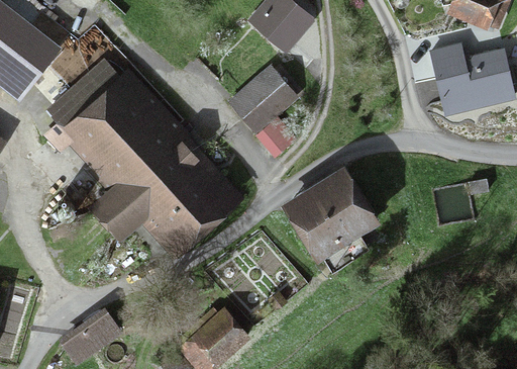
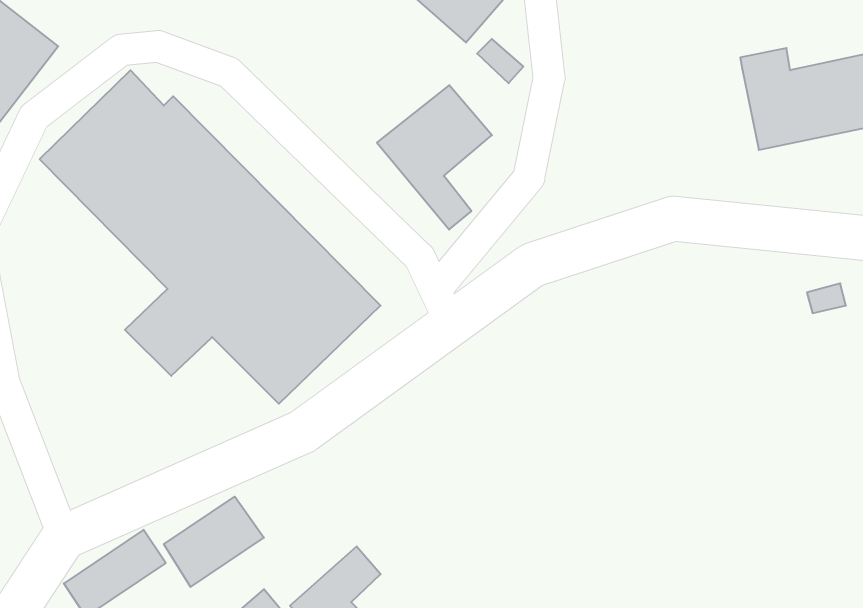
building: [288,170,373,273] -> none
building: none -> [164,497,264,587]

